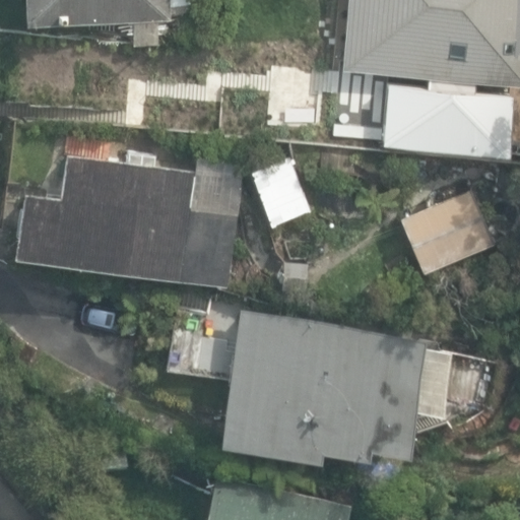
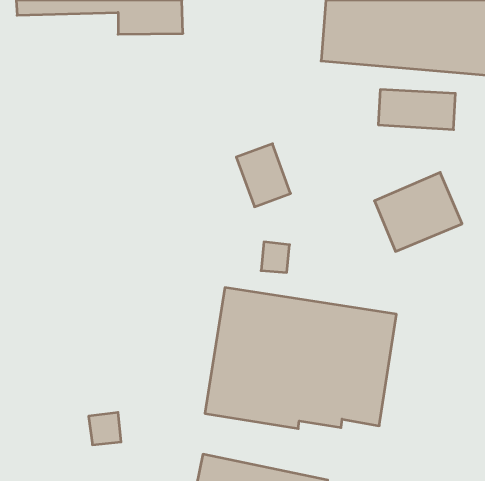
building: [15,153,239,285] -> none

